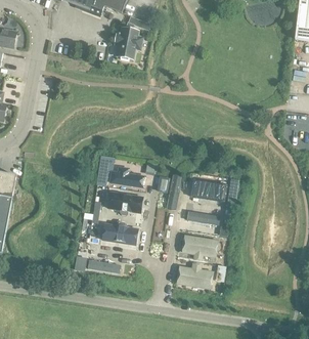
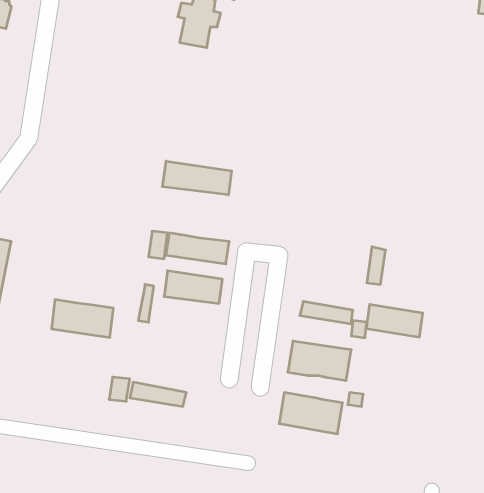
building: none -> [162,161,232,195]
building: [191,181,225,201] -> [366,304,423,337]
building: [100,223,137,246] -> [52,300,113,337]

